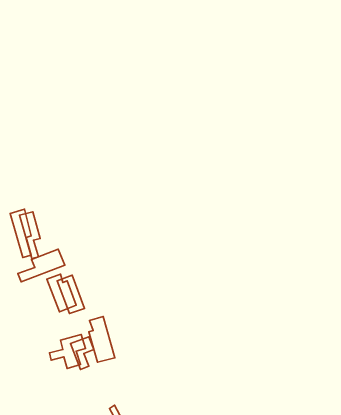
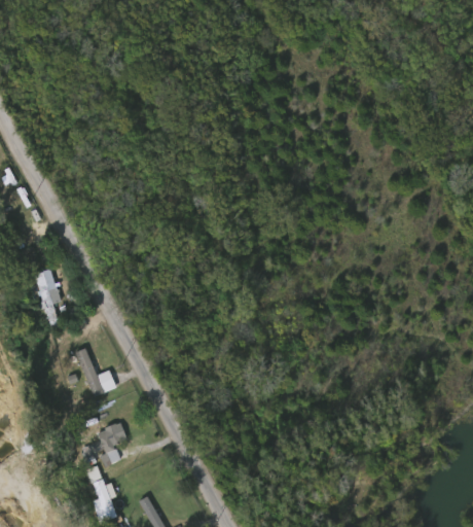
building: [18,249,65,282] -> none
building: [89,317,115,362] -> none
building: none -> [86,478,109,516]

